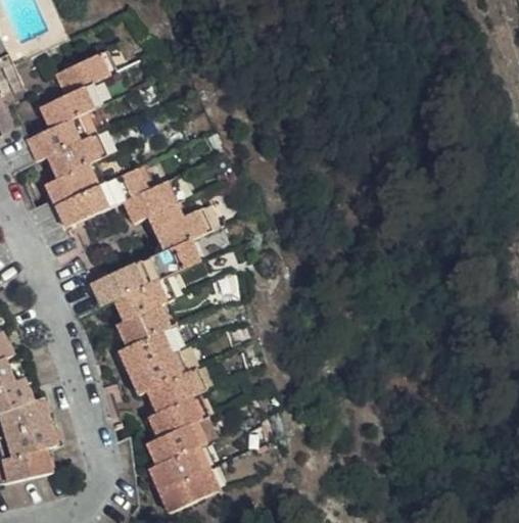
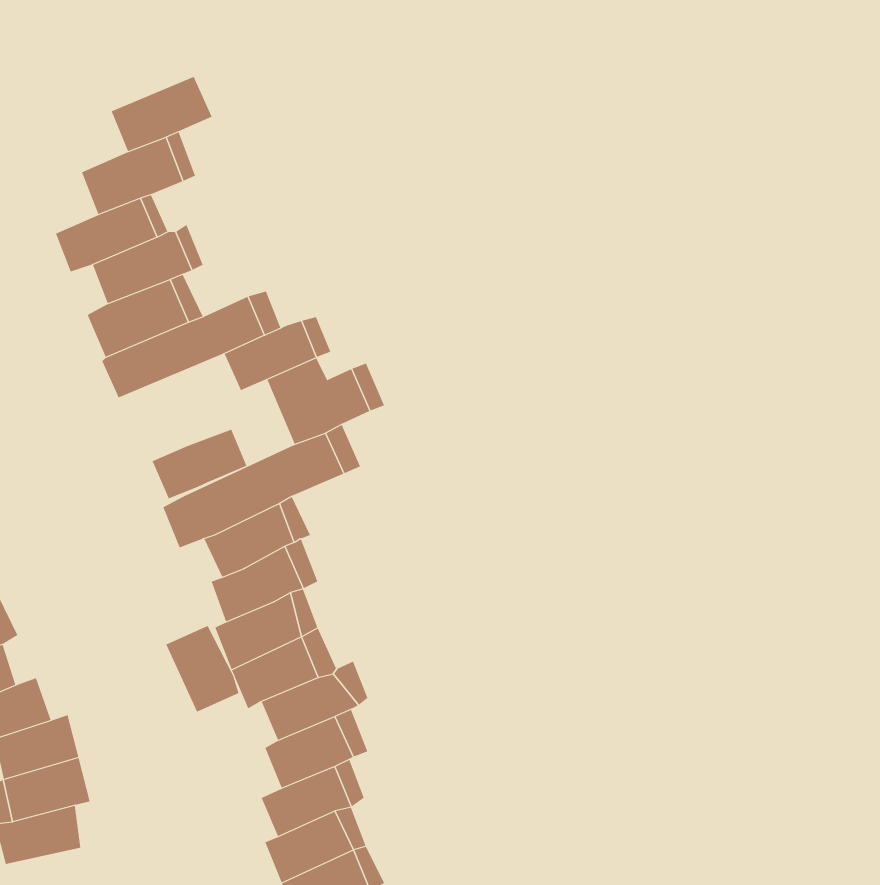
building: none -> [152,429,247,499]
building: none -> [166,625,239,713]

